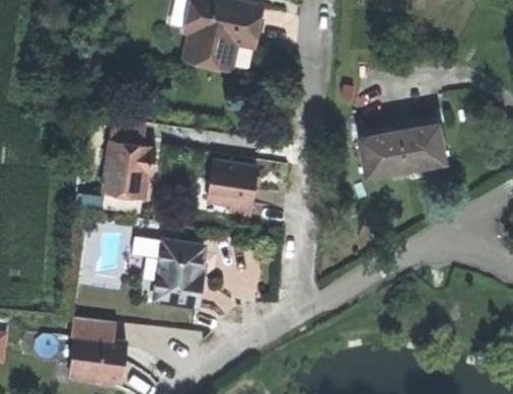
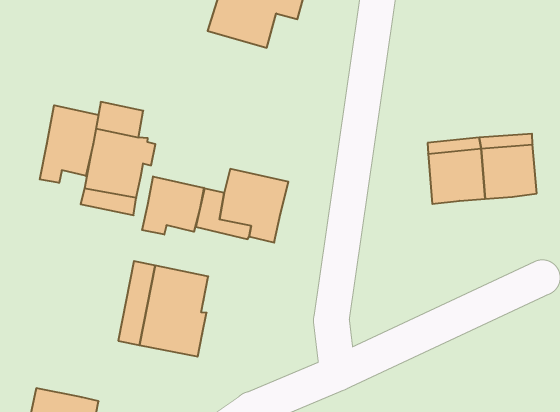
building: none -> [40,105,98,183]
building: none -> [142,176,204,235]
building: [71,317,117,342] -> none

